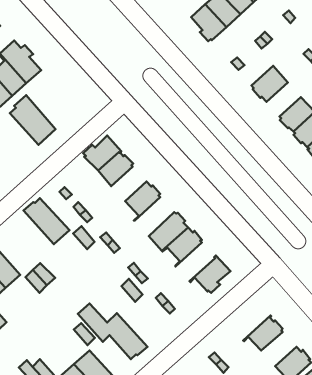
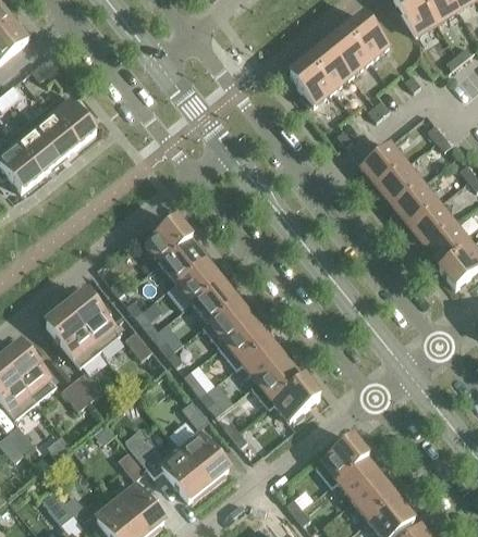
building: none -> [376,164,420,207]
building: [10,95,56,145] -> none
building: none -> [175,259,220,301]
building: none -> [203,299,253,347]
building: none -> [45,305,99,366]
building: none -> [250,359,301,407]
building: none -> [314,436,366,485]
building: none -> [173,434,228,486]
building: none -> [352,477,396,520]

